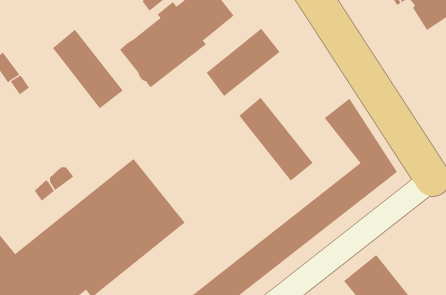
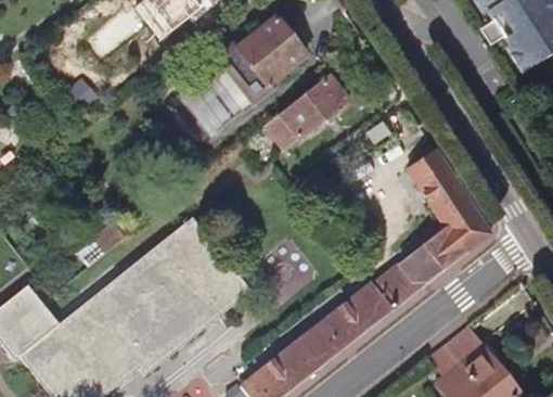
building: [52,29,124,109] -> none
building: [239,97,314,181] -> none

